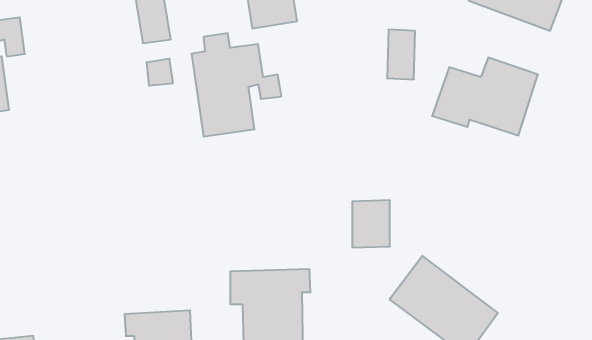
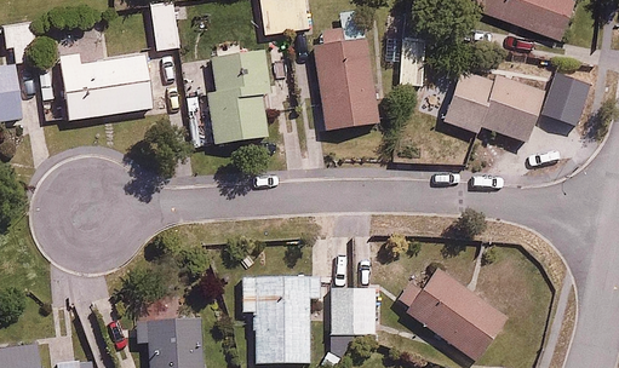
building: none -> [313,40,379,133]
building: none -> [42,53,151,120]
building: none -> [544,76,592,126]
building: [352,200,390,248] -> [336,288,373,335]

